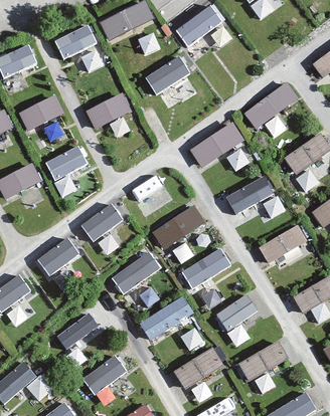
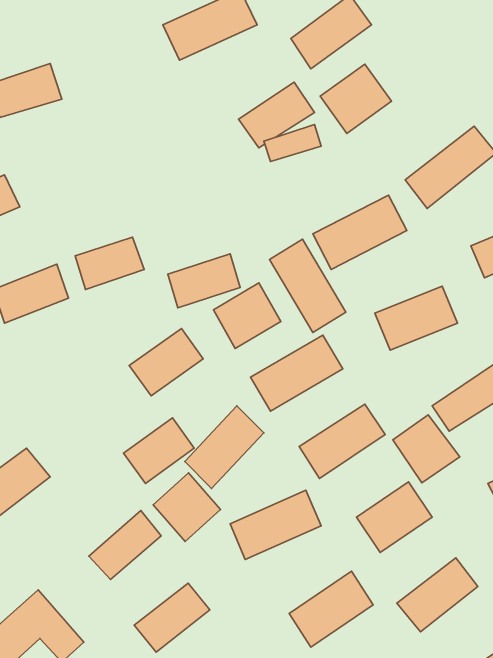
building: [54,24,98,59] -> none
building: none -> [320,64,391,134]
building: [19,93,64,132] -> none
building: [87,94,130,127] -> [168,254,240,308]
building: none -> [270,239,346,333]
building: [36,236,78,275] -> [124,418,194,484]
building: none -> [393,415,460,483]
building: none -> [153,473,220,541]

